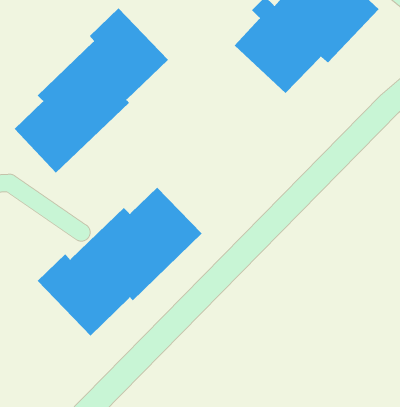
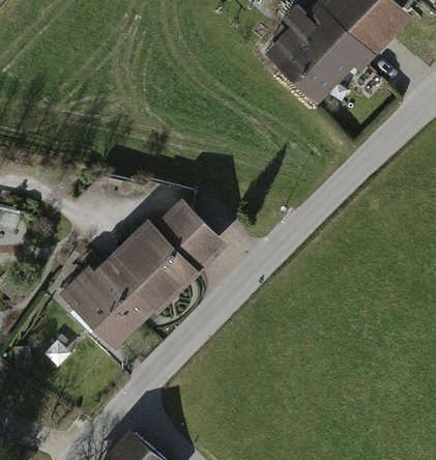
building: [14,7,169,174] -> none

